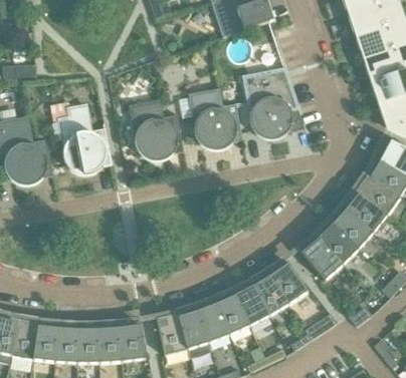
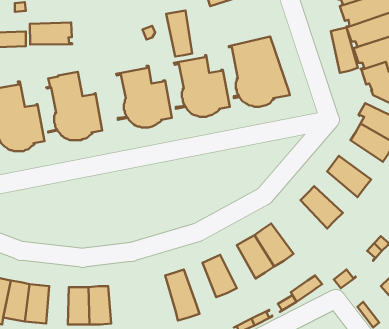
building: none -> [166,10,192,57]
building: none -> [30,22,72,45]
building: none -> [331,28,358,73]
building: [354,174,399,215] -> none
building: [329,207,373,249] -> none
building: [298,236,342,281] -> none
building: [232,282,268,326] -> none
building: [195,300,228,343] -> none
building: [156,313,187,355] -> none
building: [118,321,145,362] -> none
building: [54,324,77,363] -> none

